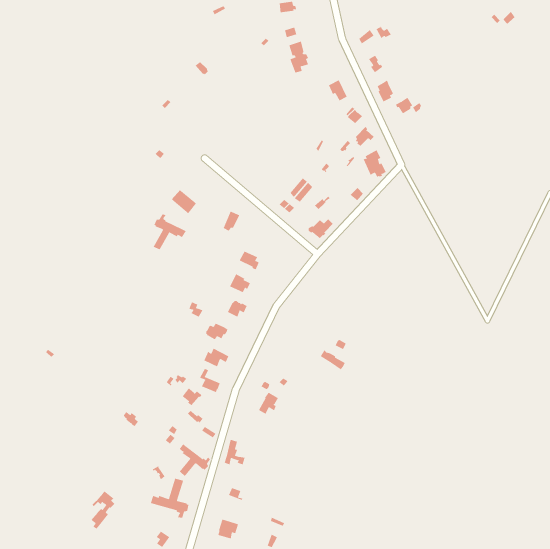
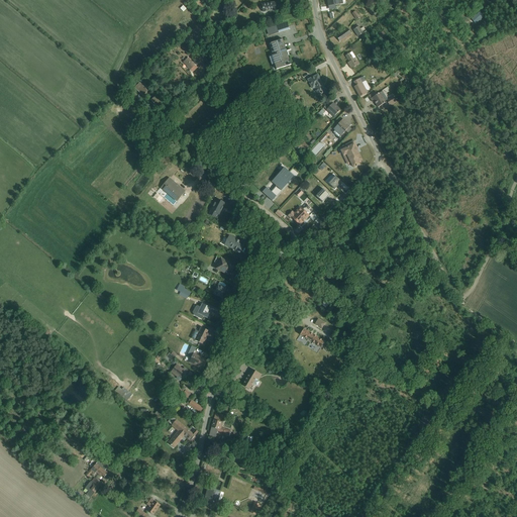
building: [153,213,186,250] -> none
building: [150,478,189,518] -> none

